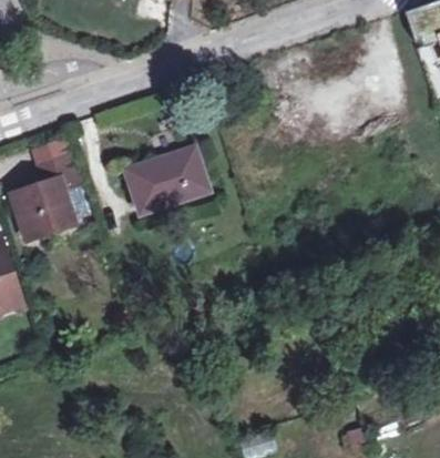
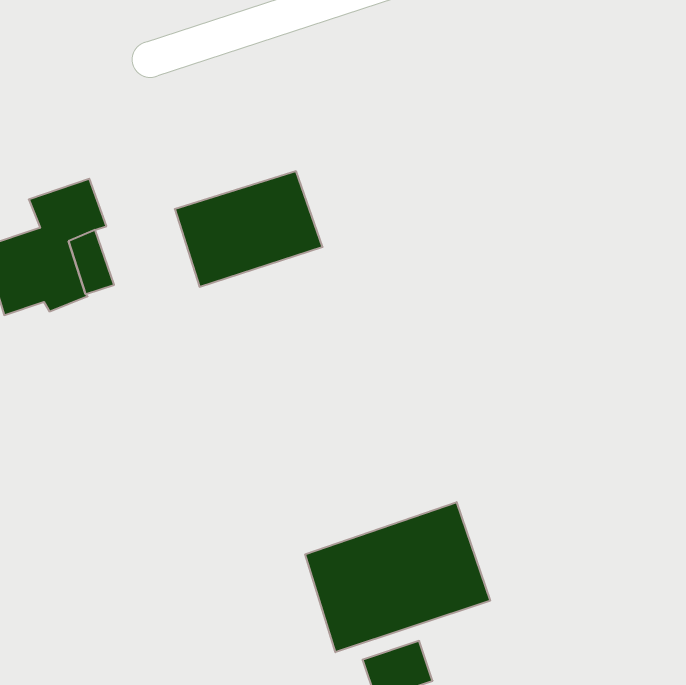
building: none -> [305,502,490,652]

